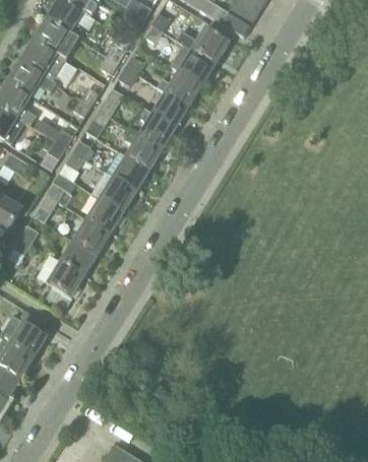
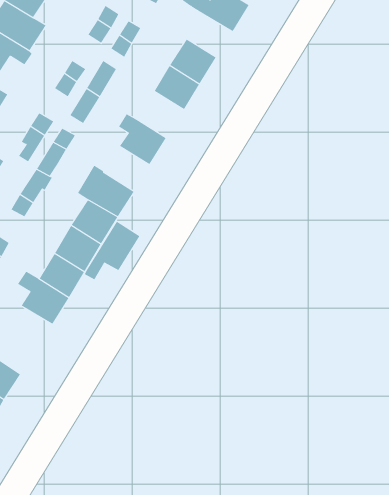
building: [170,45,216,85] -> none
building: [131,108,177,149] -> none
building: [113,155,149,192] -> none
building: none -> [84,221,140,280]

